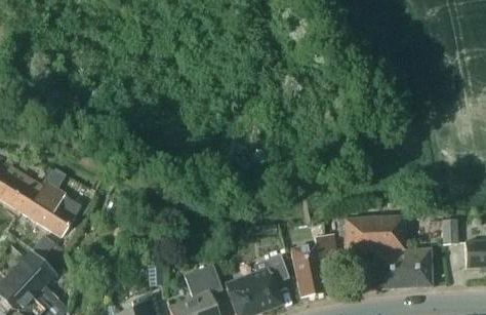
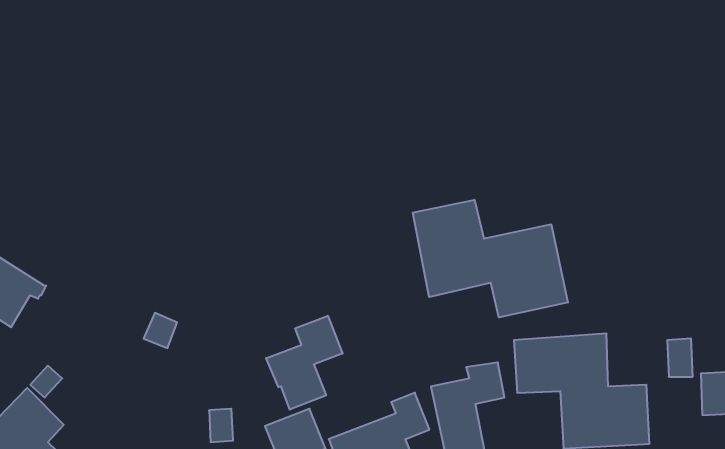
building: none -> [413,200,568,317]
building: [21,181,80,236] -> none
building: none -> [266,316,343,410]

